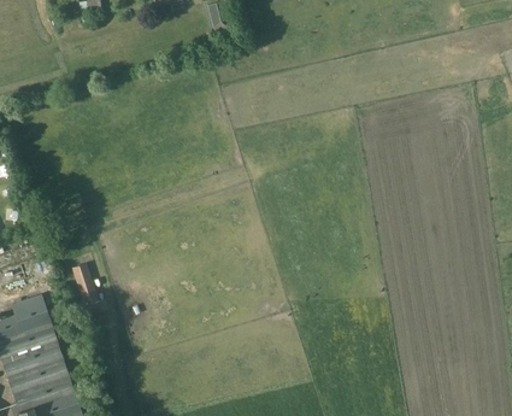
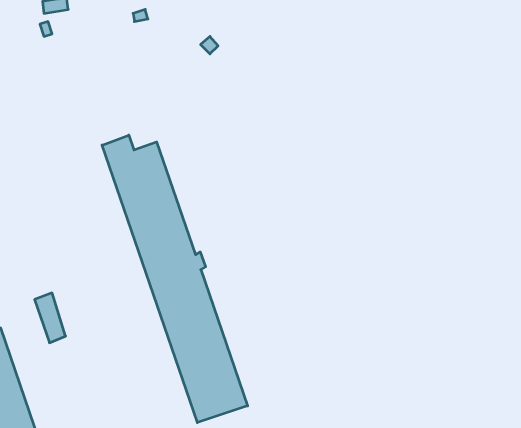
building: none -> [102,135,248,423]

